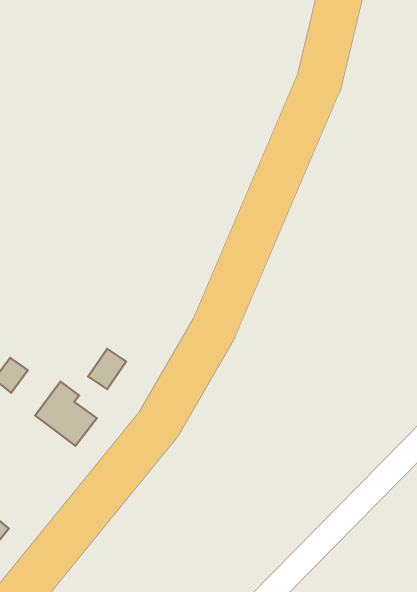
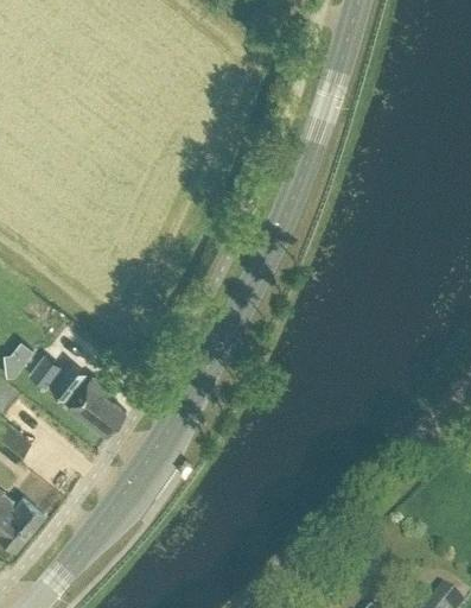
building: [88,349,126,389] -> [50,363,85,401]

